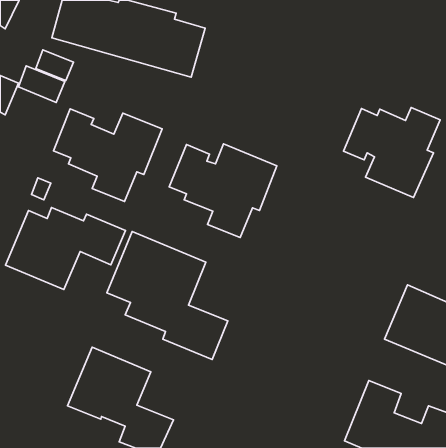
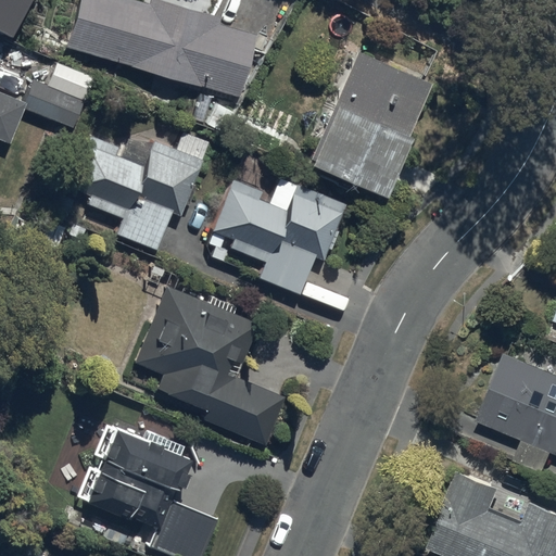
building: none -> [308,52,431,198]
building: [343,107,440,198] -> none
building: [5,207,125,290] -> none

